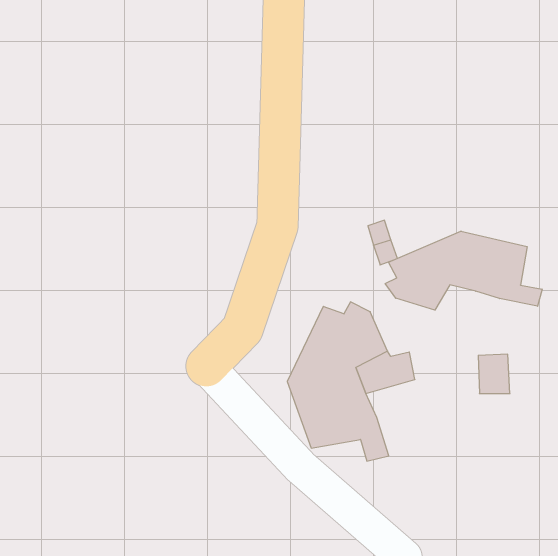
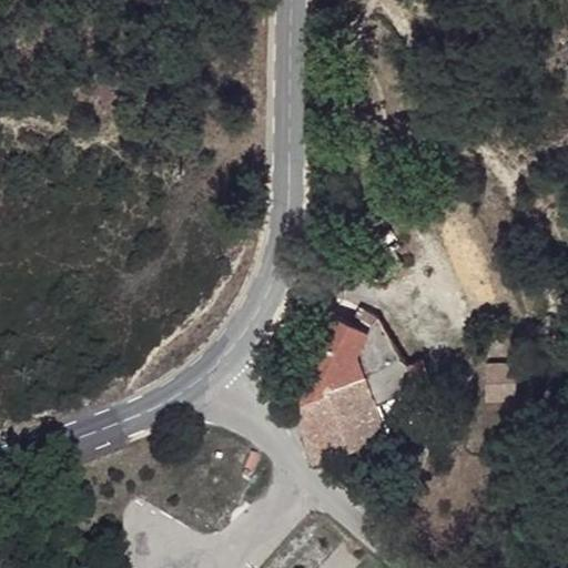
building: [385,231,542,310] -> none

